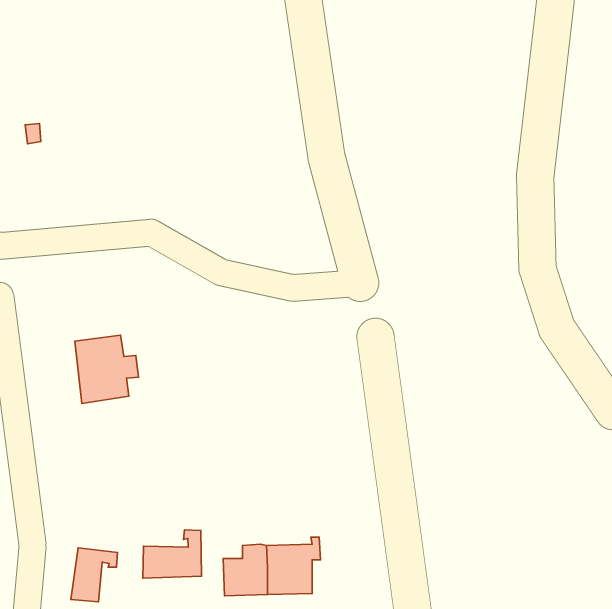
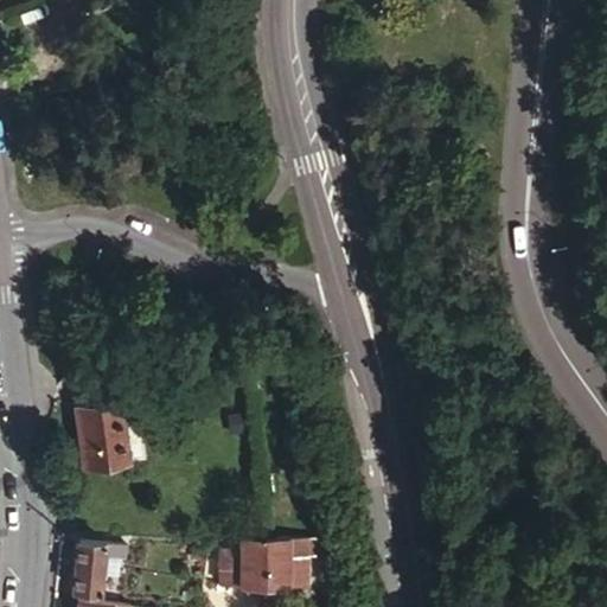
building: [75,335,138,403] -> [76,407,139,474]
building: [143,530,201,578] -> none

